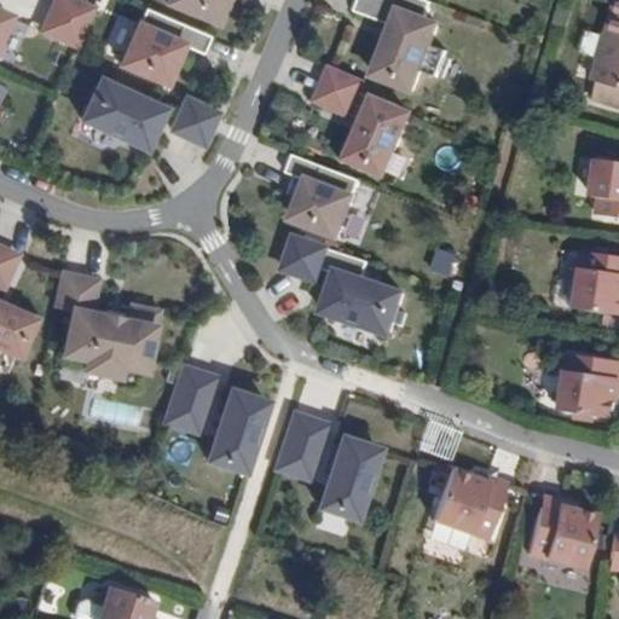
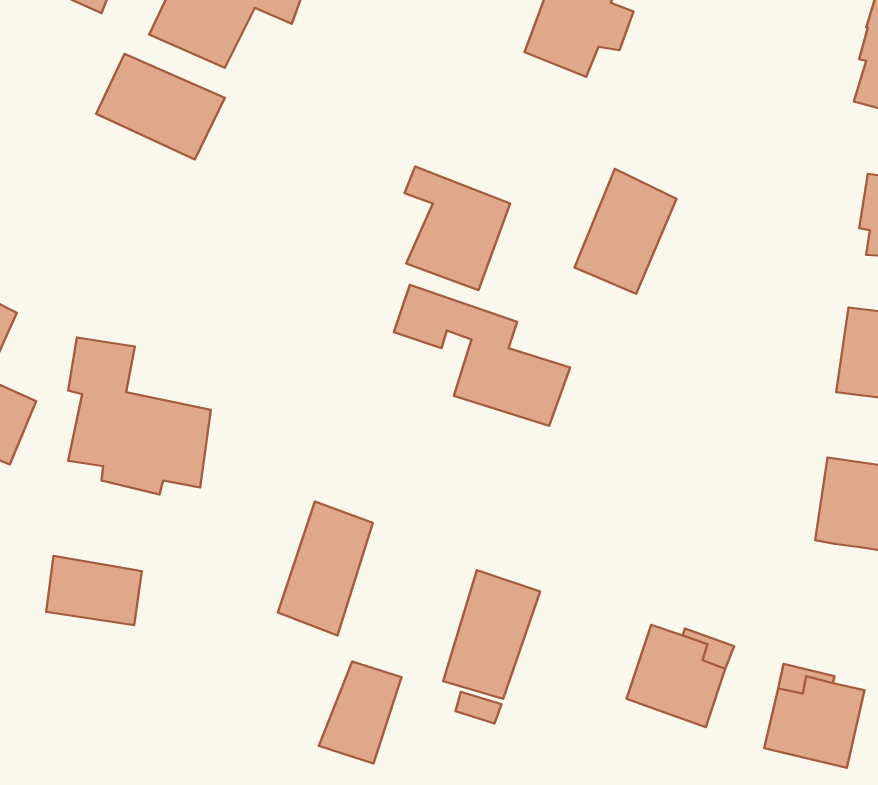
building: [312,65,365,115] -> none
building: [341,91,411,177] -> [574,169,677,294]
building: [168,96,219,146] -> none
building: [160,363,219,434] -> none
building: [272,411,329,481] -> [319,661,402,764]
building: none -> [46,556,142,625]

